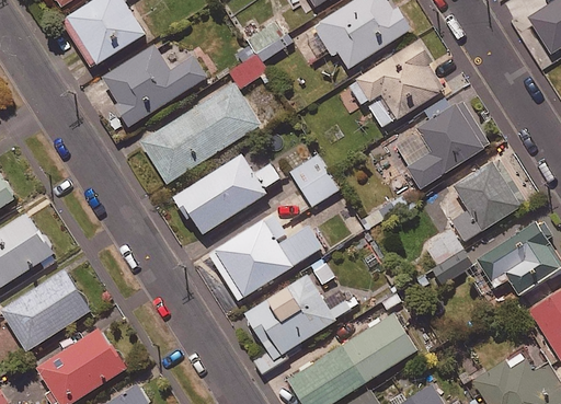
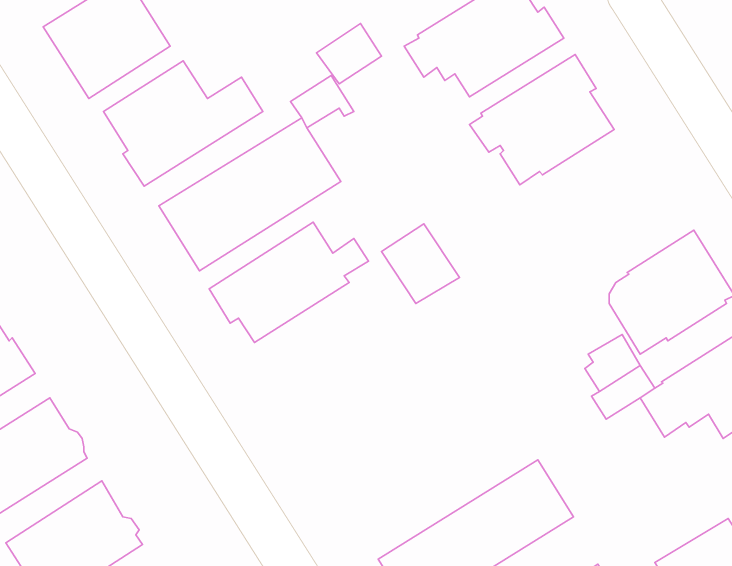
building: [392,100,489,187] -> none
building: [207,213,324,302] -> none
building: [244,275,356,374] -> none

